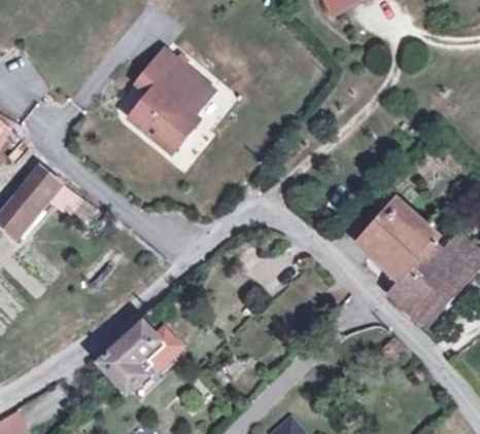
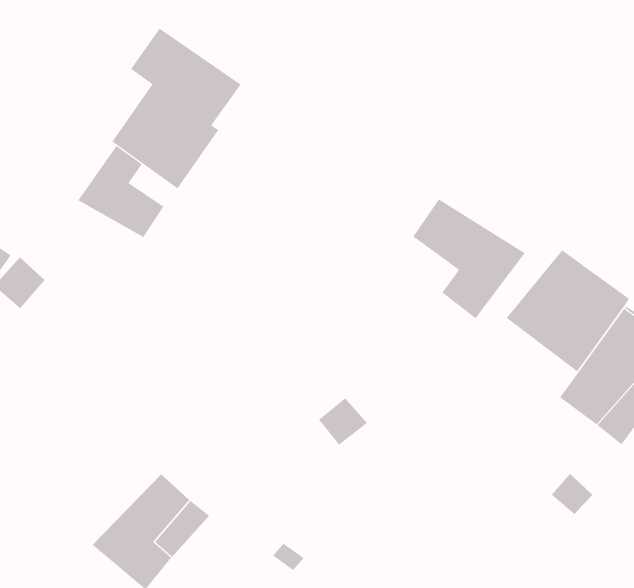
building: none -> [78,145,164,238]
building: none -> [412,199,526,319]

